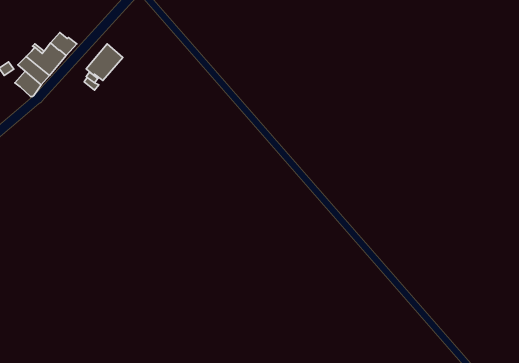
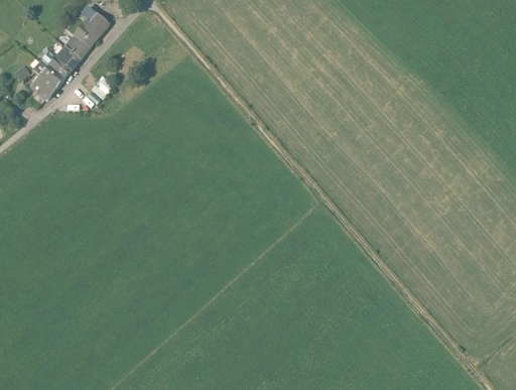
building: [86,44,123,81] -> [75,12,110,47]

